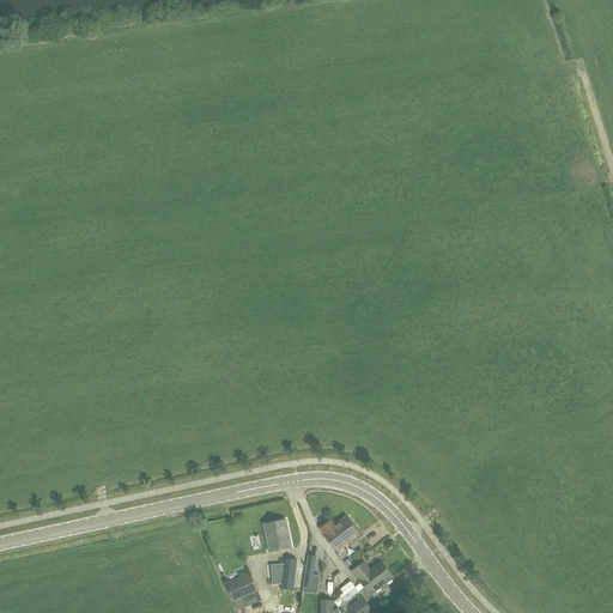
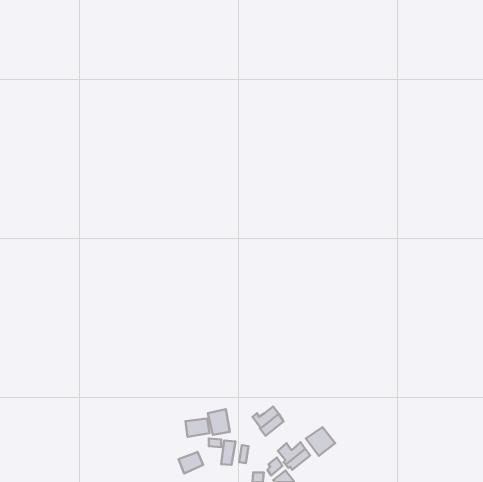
building: none -> [186,419,209,437]
building: none -> [306,427,335,456]

